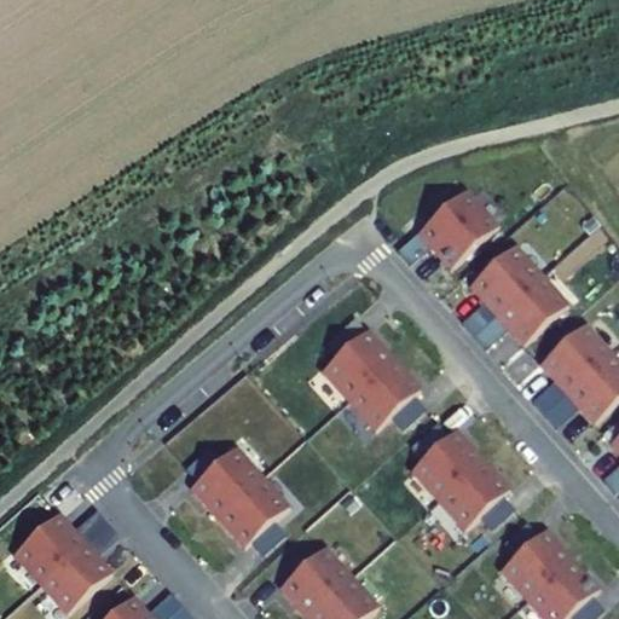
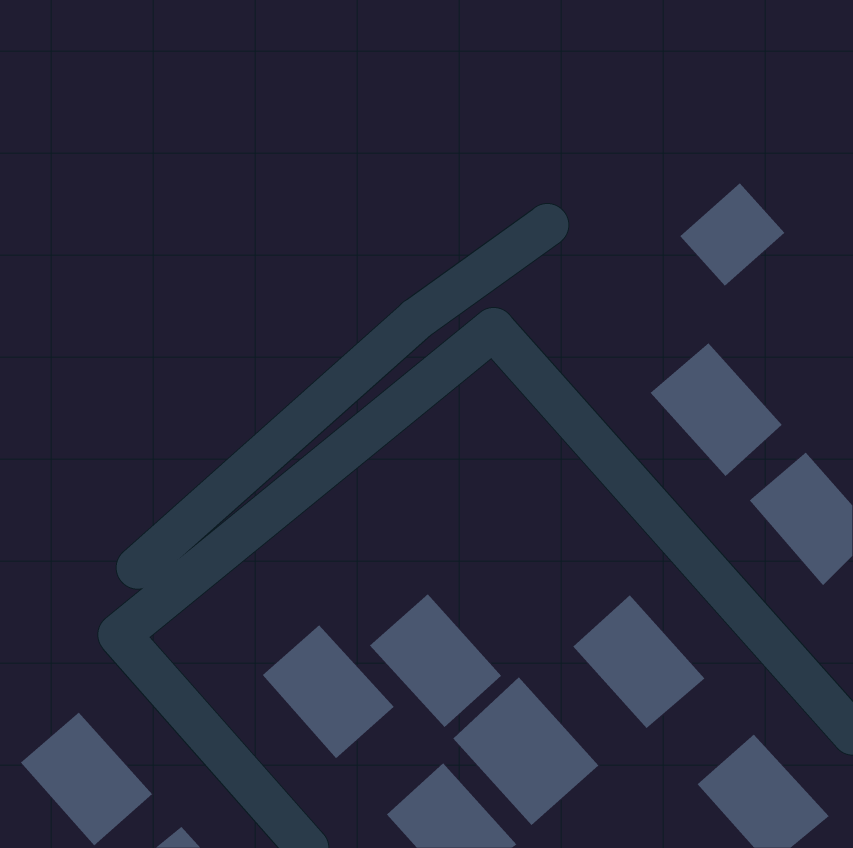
building: [417,191,493,266] -> [679,182,785,286]
building: [323,329,418,426] -> [369,593,502,728]
building: none -> [453,676,599,826]

